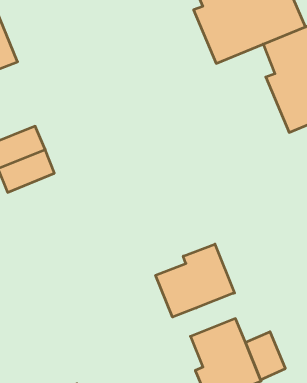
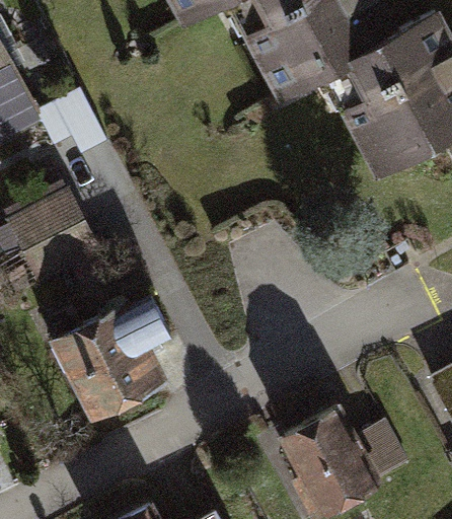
building: none -> [53,297,170,416]
building: [156,244,235,317] -> none

